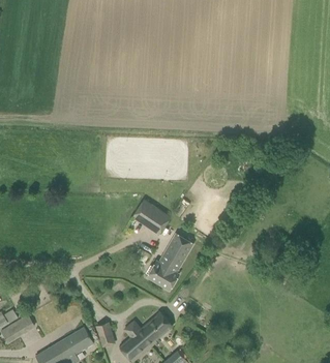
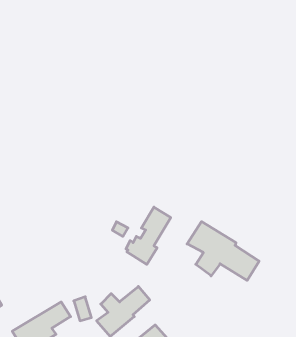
building: [134,199,170,230] -> none
building: none -> [187,222,259,280]

